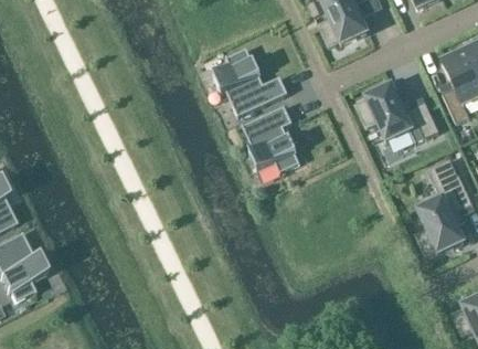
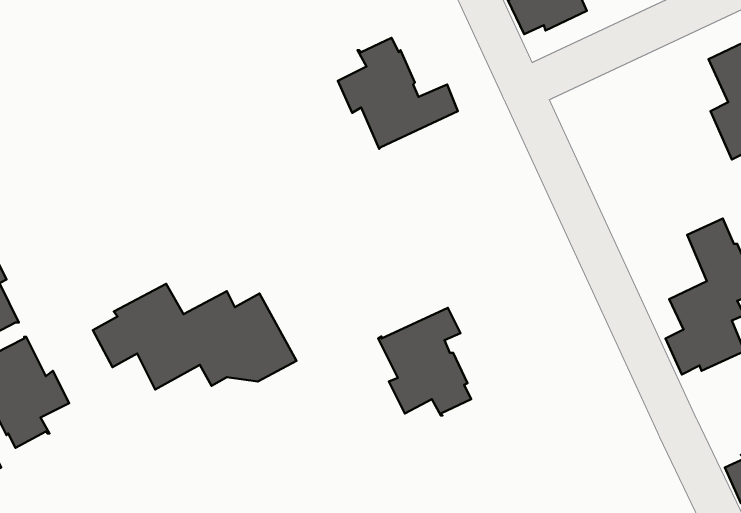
building: [355,82,438,138] -> none
building: [242,104,299,170] -> [378,308,471,415]
building: none -> [93,284,296,389]

